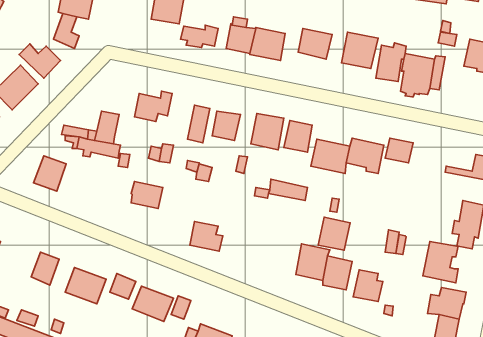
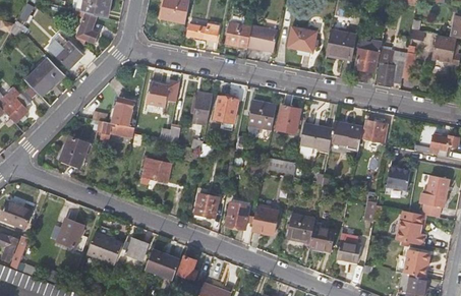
building: none -> [386,167,409,190]
building: [318,217,350,250] -> [250,206,278,235]
building: none -> [225,202,249,230]

